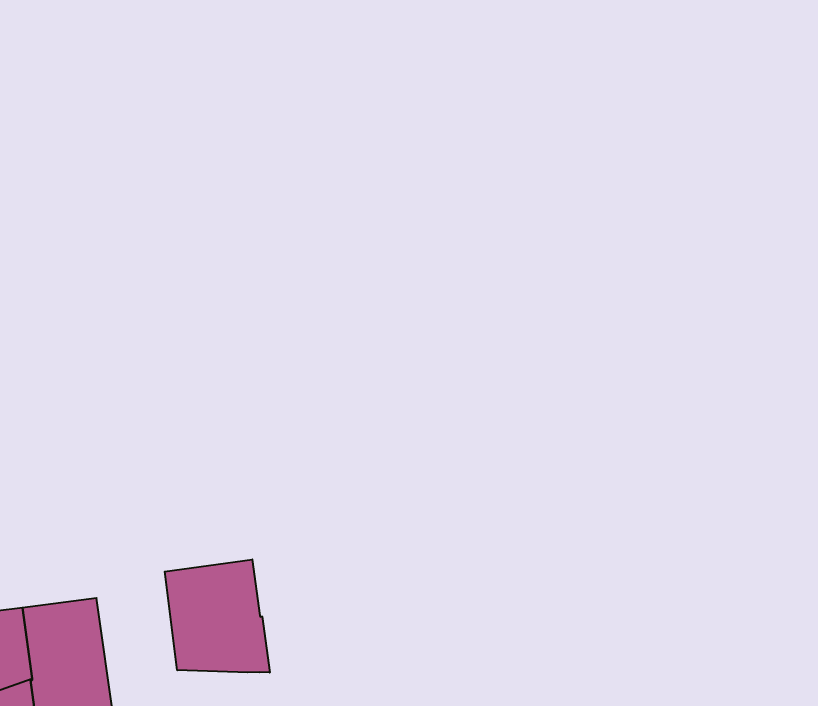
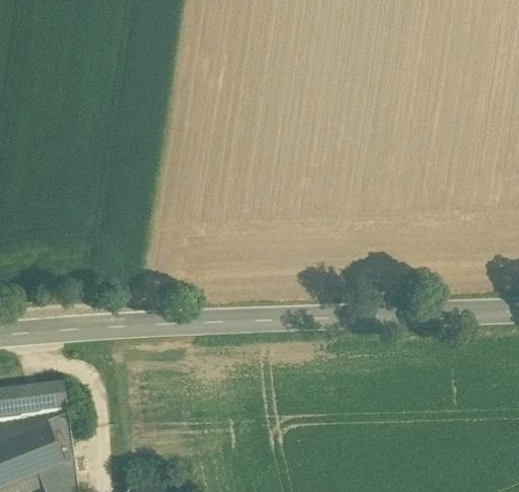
building: [165,559,270,673] -> none

